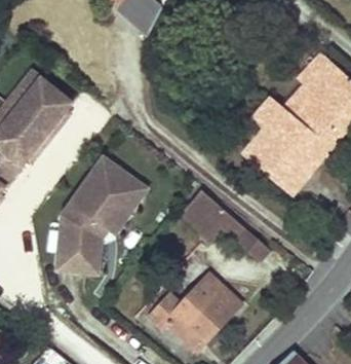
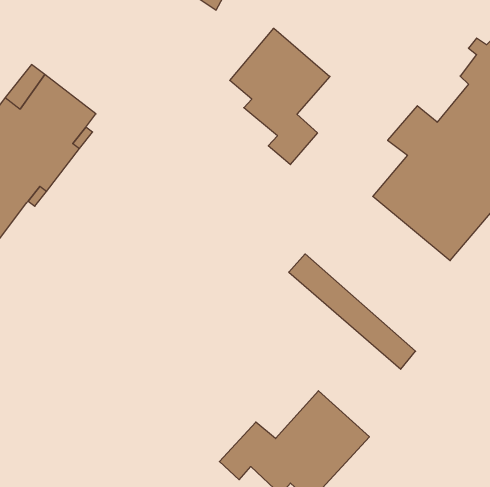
building: none -> [230,28,330,165]
building: [58,155,148,272] -> none

